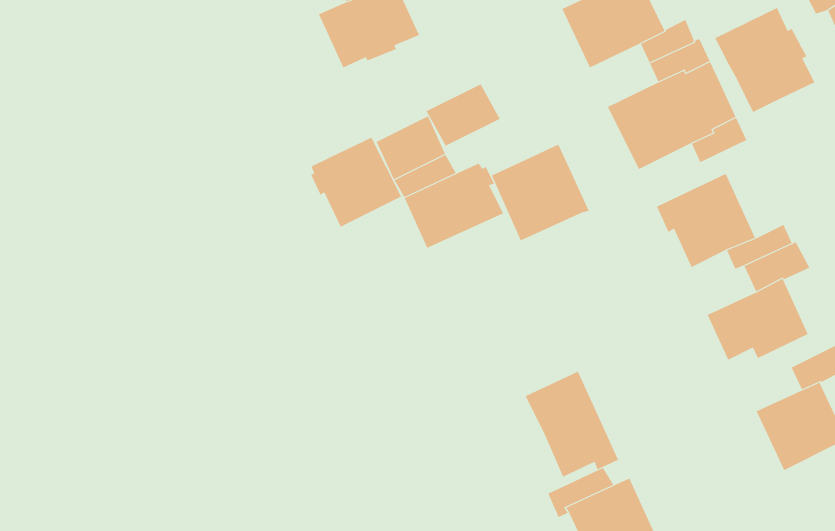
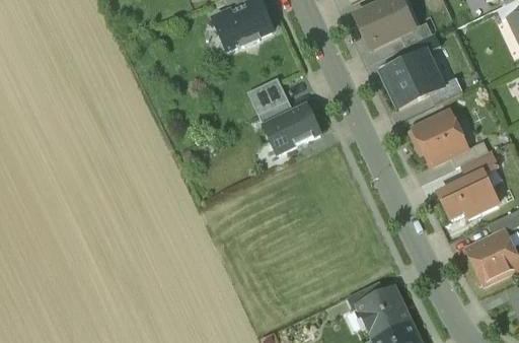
building: [715,7,815,113] -> none
building: [426,84,501,147] -> none
building: [311,137,402,227] -> none
building: [491,144,589,241] -> none
building: [525,371,619,478] -> none

